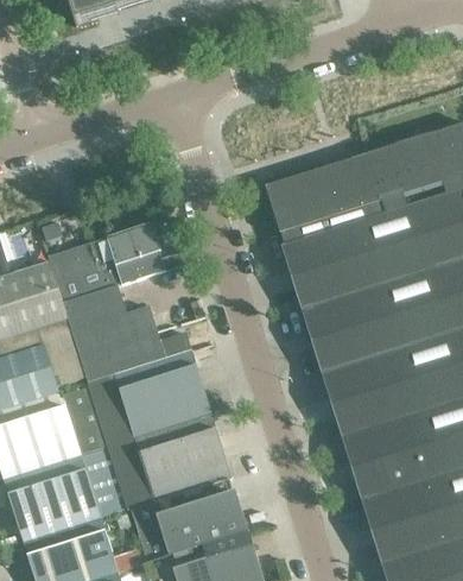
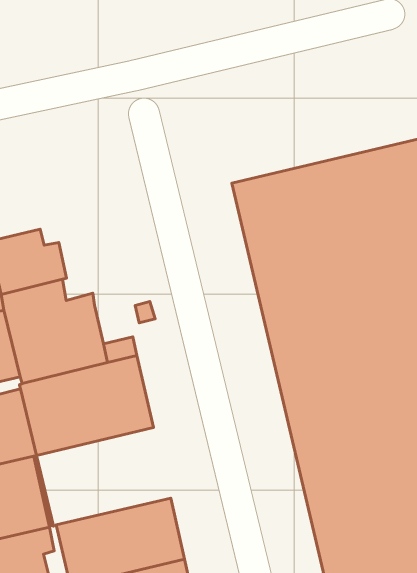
building: [108,222,165,284] -> none
building: [107,413,232,510] -> none

